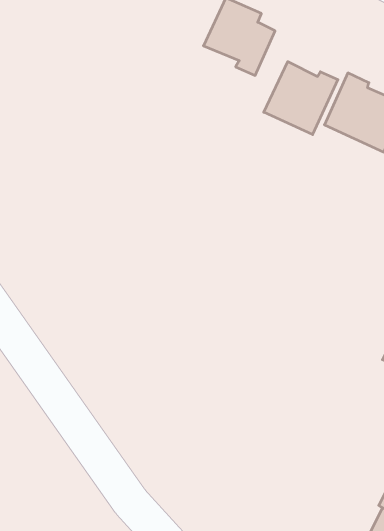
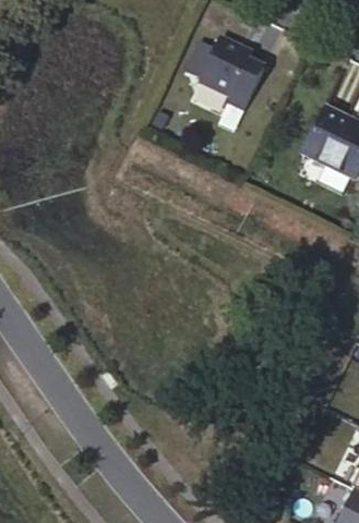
building: [264,62,338,135] -> none

